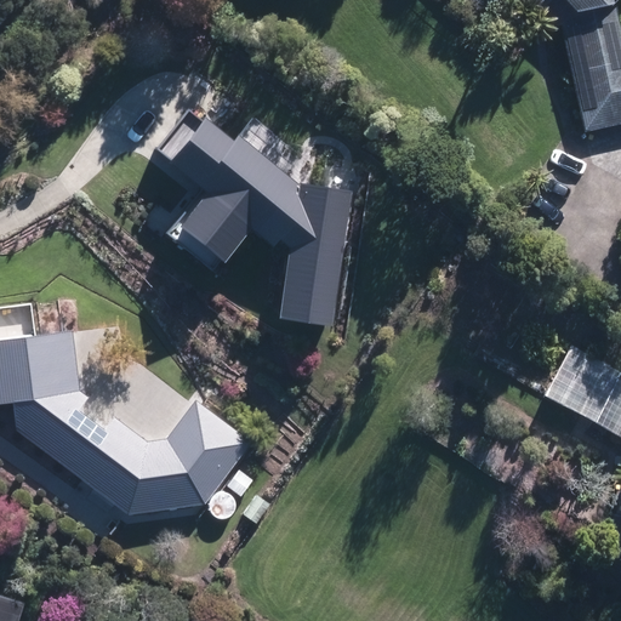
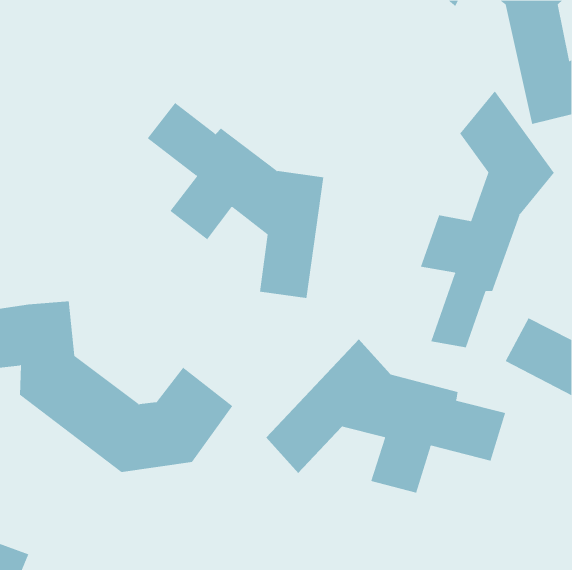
building: none -> [420,91,555,348]
building: none -> [266,338,506,493]

